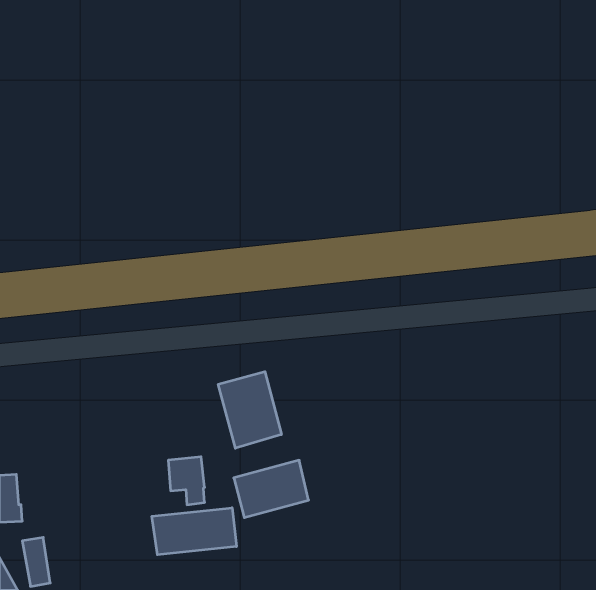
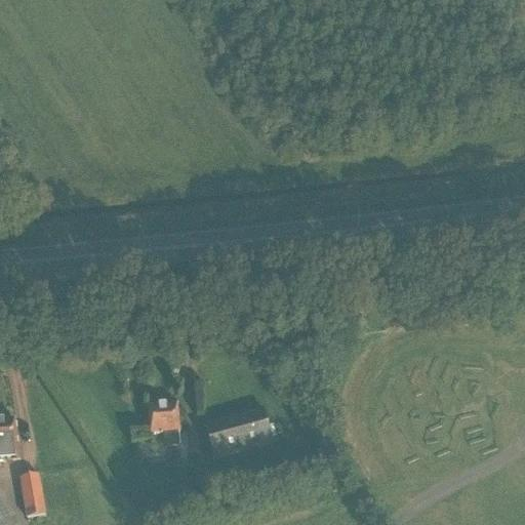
building: [218,372,281,448] -> none
building: [152,508,236,555] -> none

